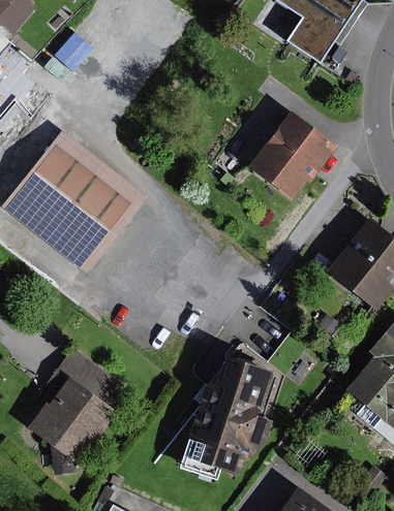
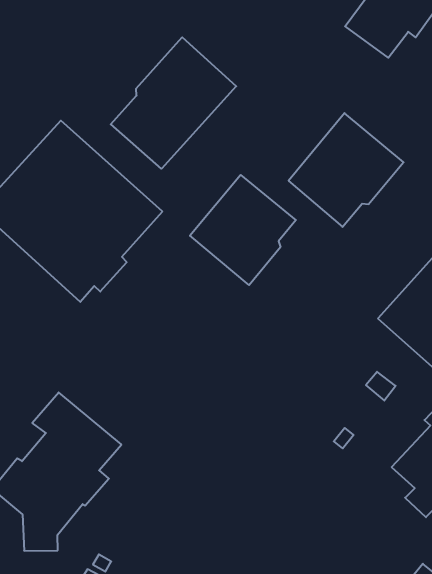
building: none -> [111,37,236,169]
building: none -> [190,175,296,285]
building: [186,357,272,475] -> none

